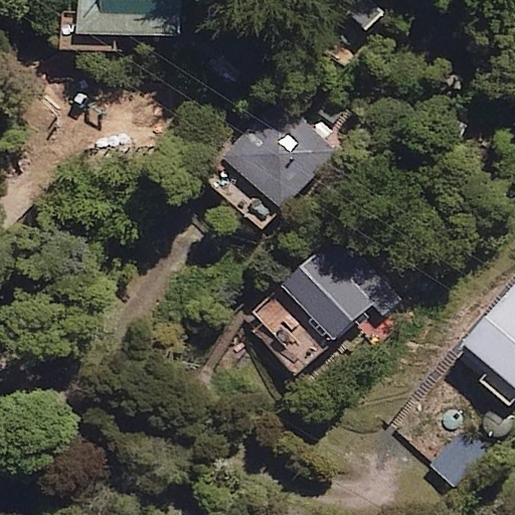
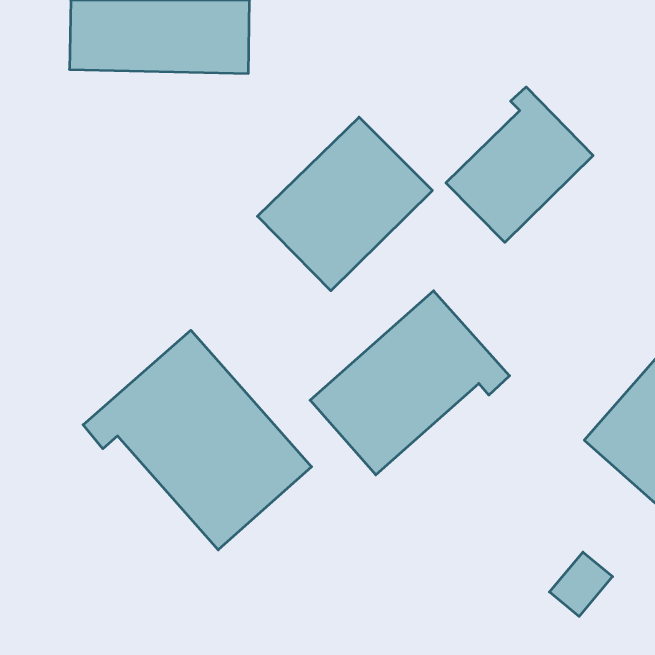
building: none -> [446,87,593,242]
building: none -> [83,330,312,550]

